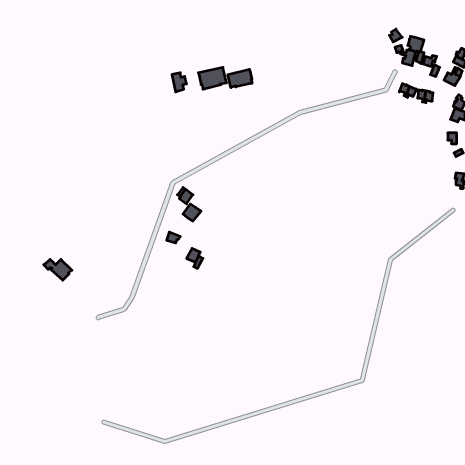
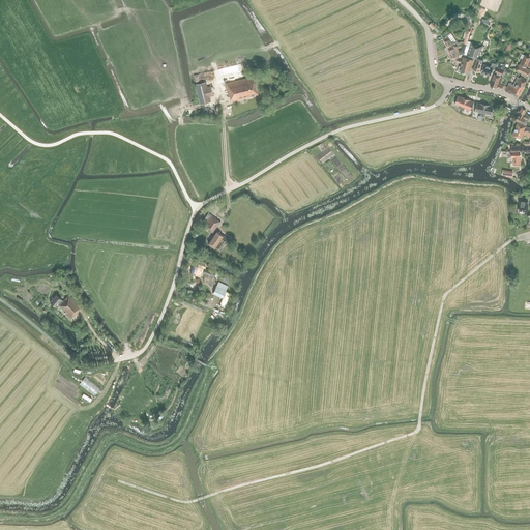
building: [228,69,252,88] -> none

